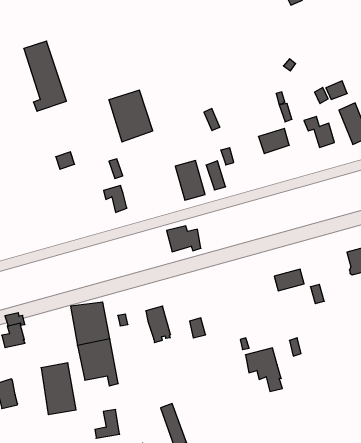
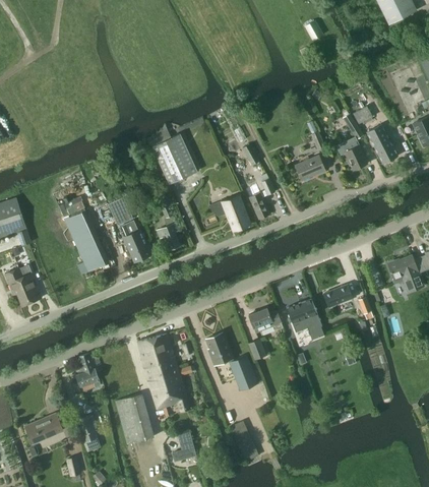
building: [24,41,66,111] -> [63,207,108,273]
building: none -> [119,222,151,262]
building: [167,226,201,252] -> [249,308,283,333]
building: none -> [231,357,255,389]
building: [245,348,282,391] -> [287,299,324,340]

